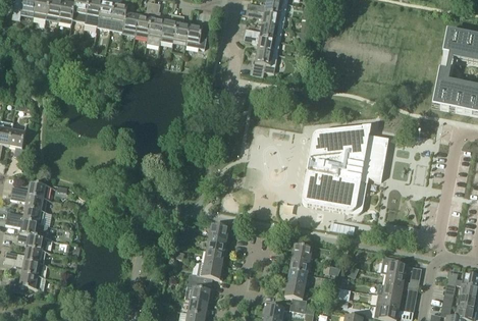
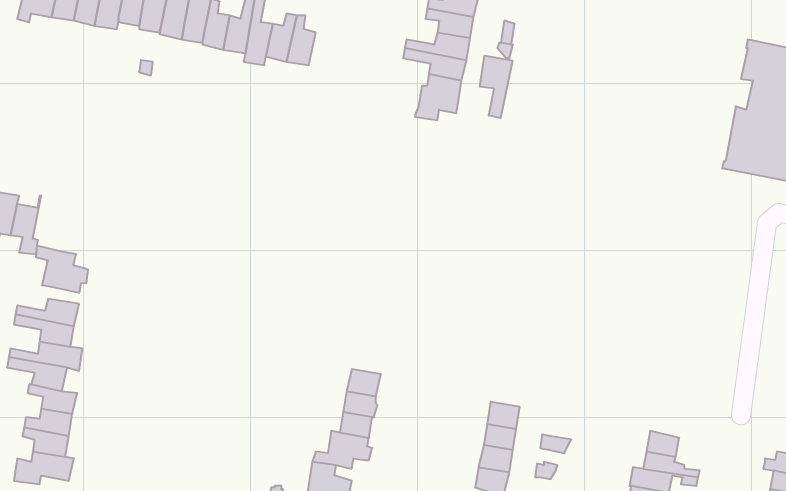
building: [187,21,209,47] -> none
building: none -> [480,56,513,118]
building: [303,125,389,212] -> none
building: none -> [36,245,88,293]

